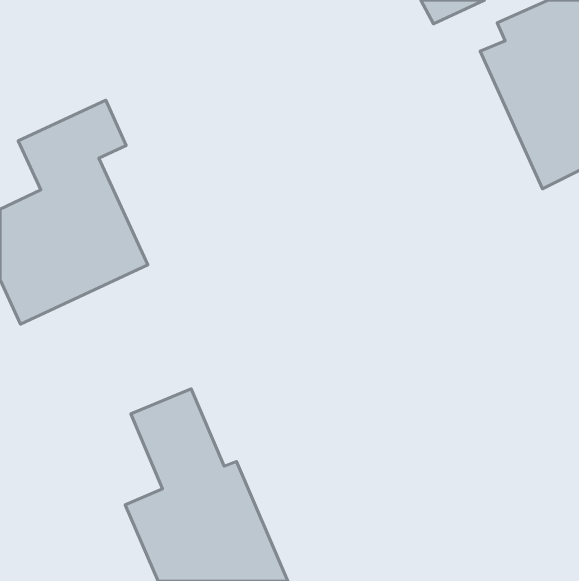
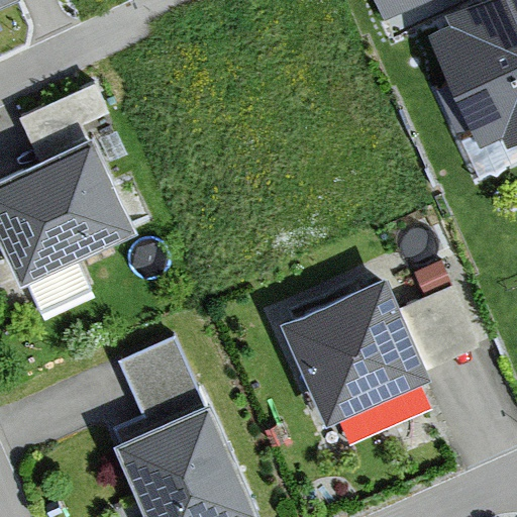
building: none -> [283,280,430,427]

